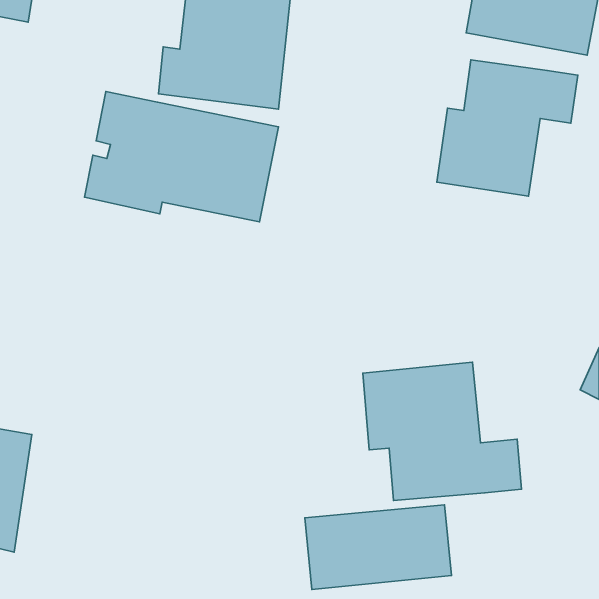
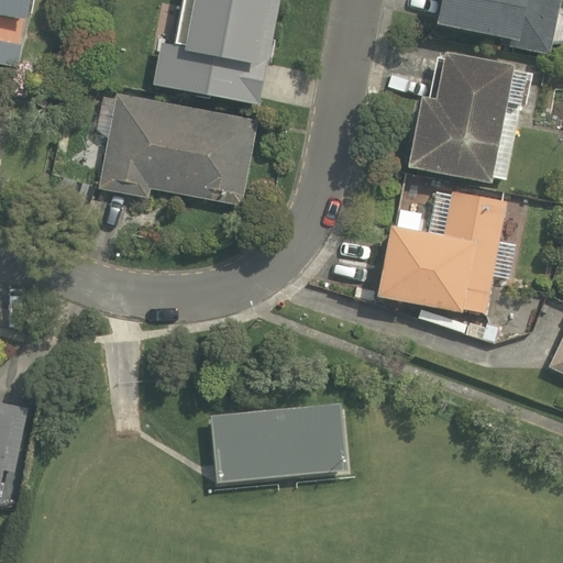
building: none -> [372,178,526,311]
building: [363,362,521,501] -> none
building: [305,505,452,590] -> [209,402,346,482]

